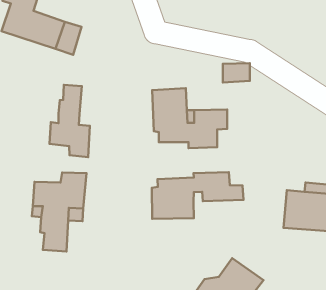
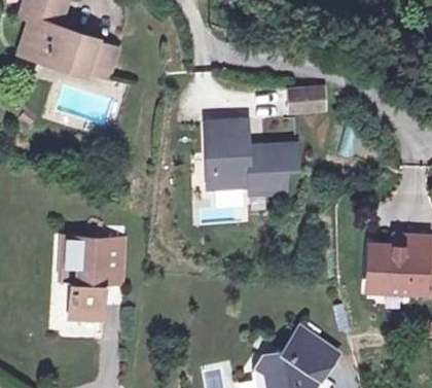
building: [49,85,90,157] -> none
building: [152,172,244,219] -> none

